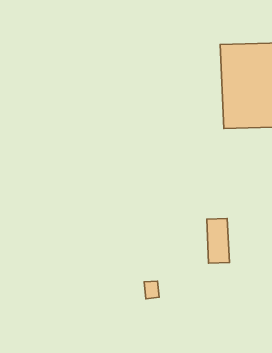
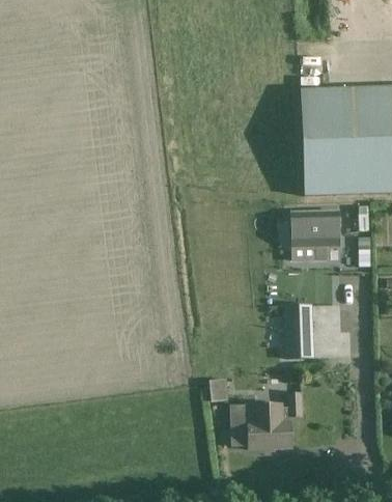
building: none -> [292,211,337,258]
building: none -> [229,392,301,448]

